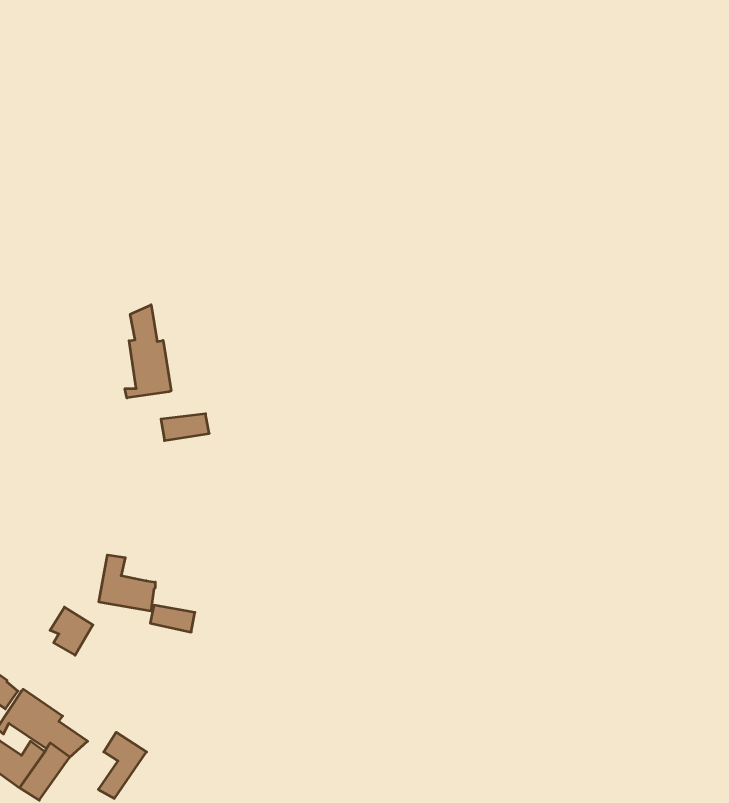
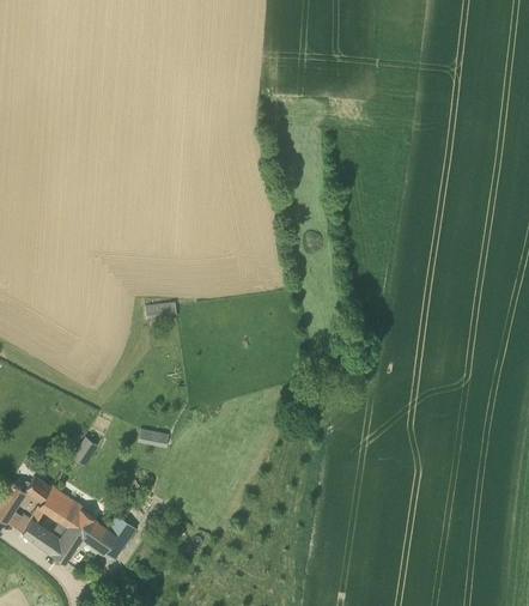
building: [125,305,171,398] -> none
building: [99,555,155,611] -> none
building: none -> [79,521,115,553]

